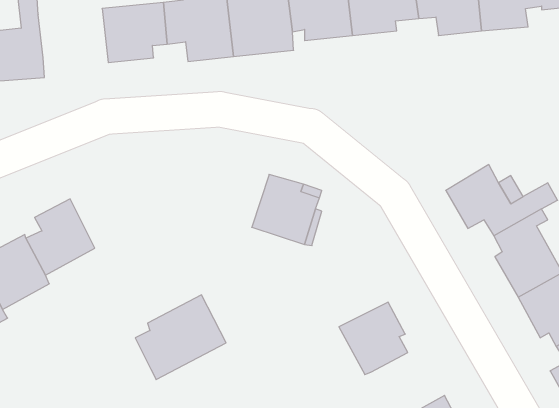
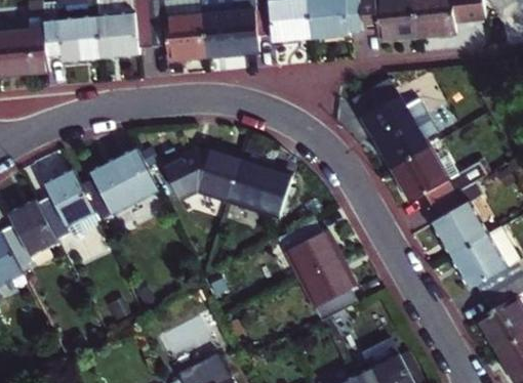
building: none -> [49,14,108,62]
building: none -> [350,75,432,166]
building: none -> [163,143,242,197]
building: none -> [278,219,341,280]
building: [135,295,226,380] -> [83,152,159,222]

